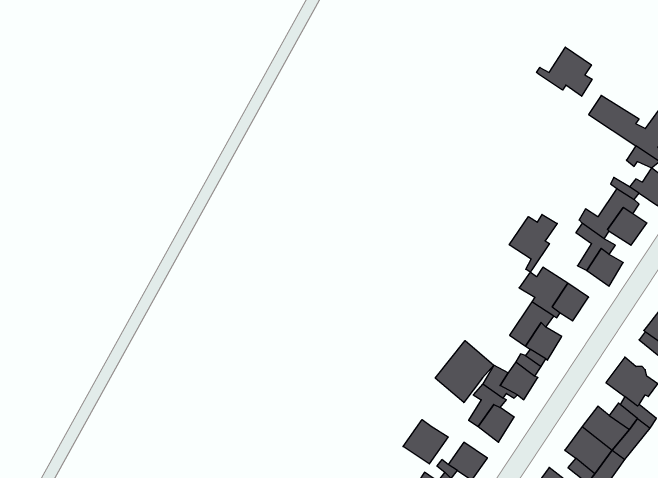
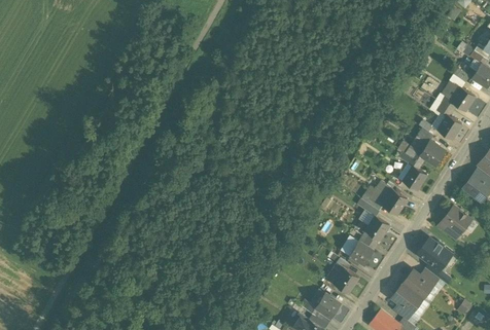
building: [537,47,592,96] -> none
building: [509,214,557,272] -> none
building: [435,341,494,403] -> none
building: [403,420,448,464] -> none

